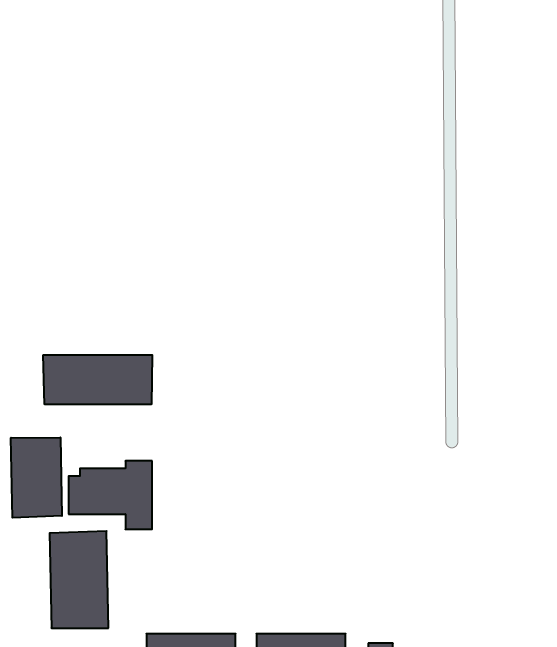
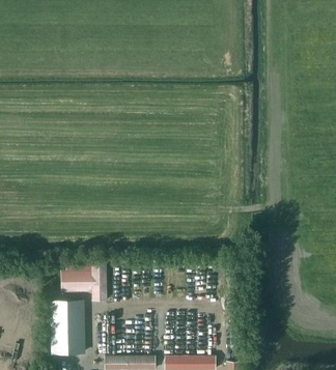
building: [43,355,152,404] -> none
building: [11,437,62,518] -> none

